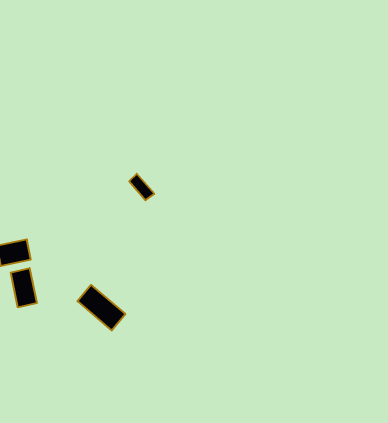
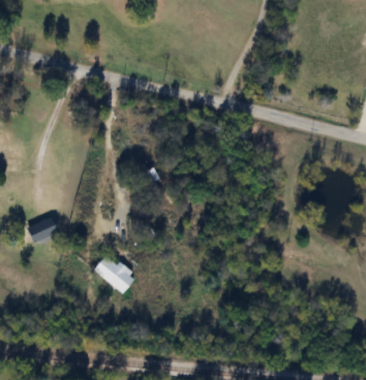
building: [11,268,37,307] -> none

